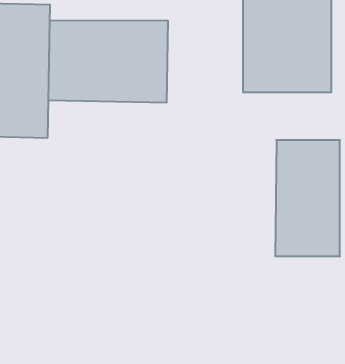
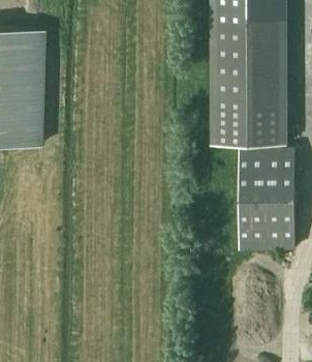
building: [48,20,168,103] -> none
building: none -> [211,107,287,145]

